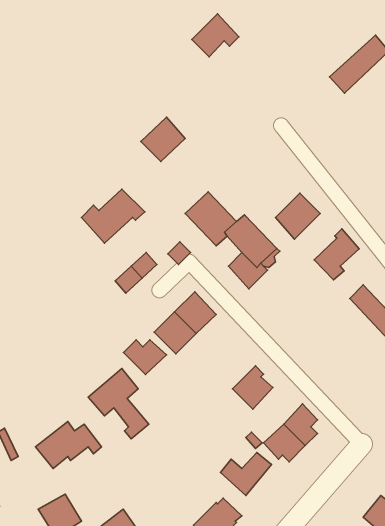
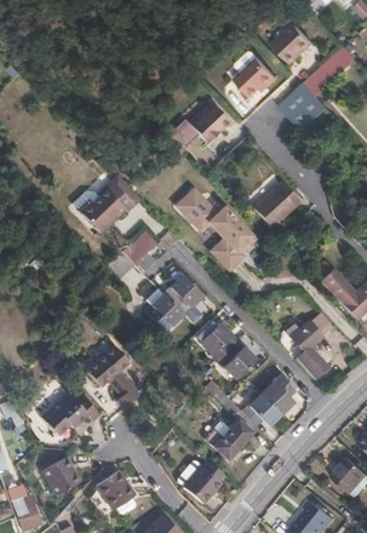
building: none -> [273,23,311,63]
building: [192,14,239,57] -> [235,56,277,94]
building: none -> [279,82,325,130]
building: [141,117,185,162] -> [188,103,228,143]
building: [314,229,359,280] -> none
building: none -> [289,317,326,379]
building: [124,340,166,375] -> none
building: none -> [191,326,236,362]

